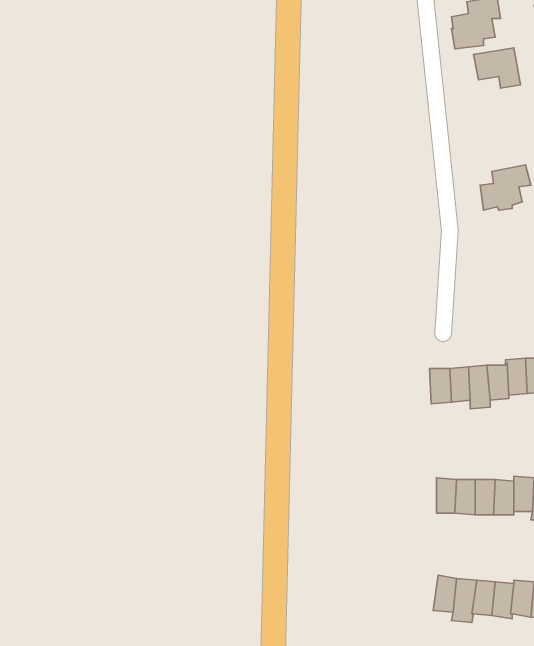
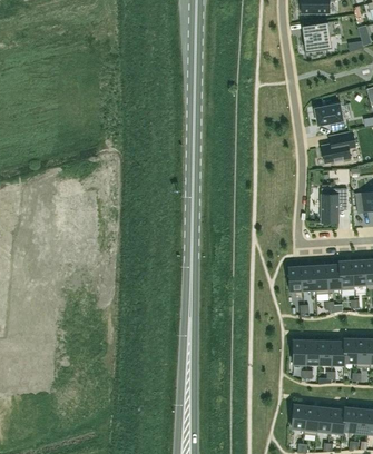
building: [474,48,521,88] -> [315,103,346,130]
building: none -> [322,188,347,221]

